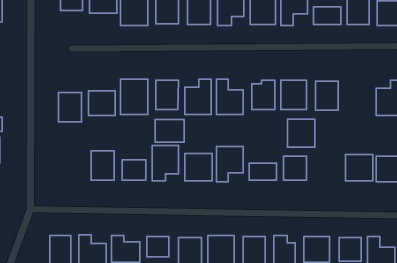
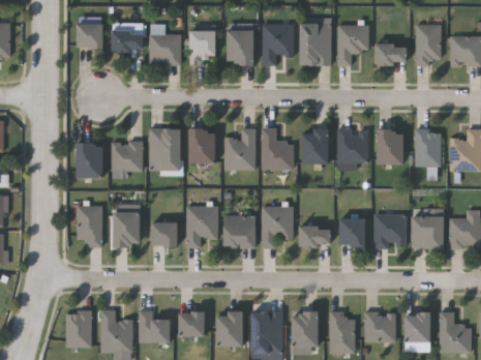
building: none -> [414,129,439,164]
building: [287,119,315,147] -> [372,213,404,246]
building: [155,119,184,142] -> none
building: none -> [76,205,100,246]

